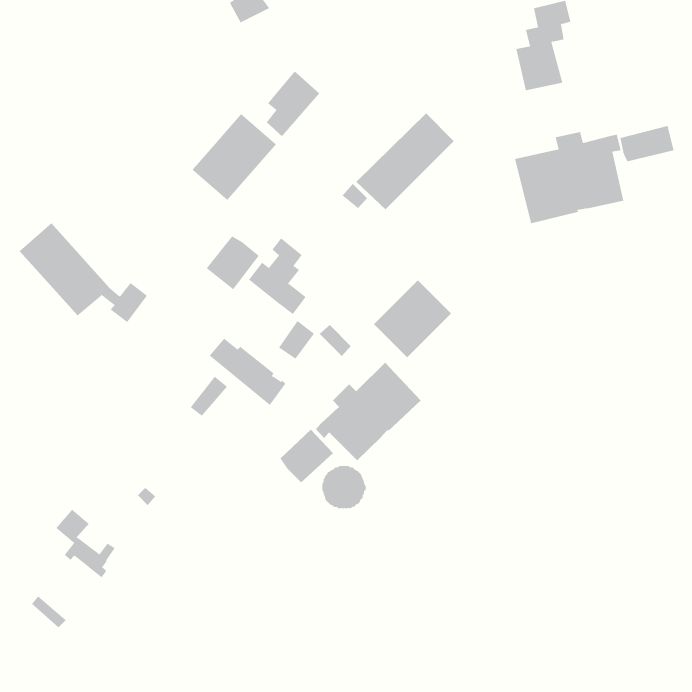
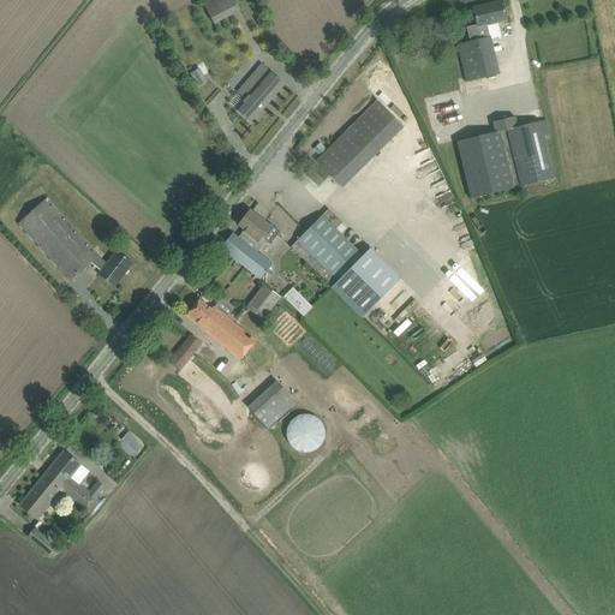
building: [192,113,277,201] -> none
building: [620,125,674,162] -> none
building: none -> [289,208,366,286]
building: [206,235,259,290] -> none
building: [315,362,422,461] -> none
building: none -> [19,467,65,517]

